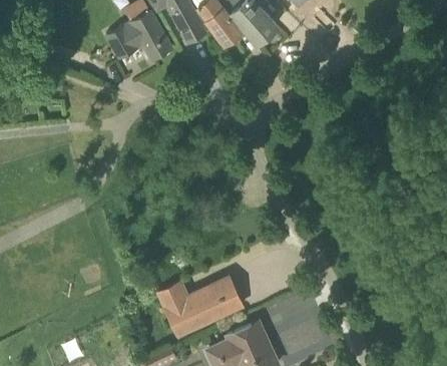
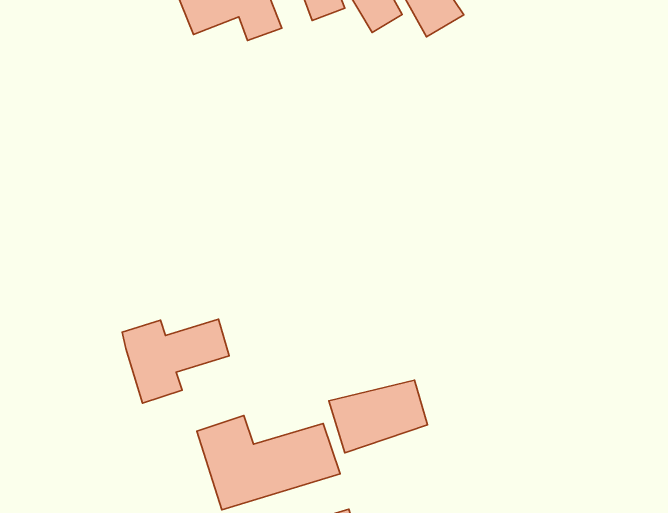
building: none -> [122,319,229,403]
building: none -> [329,380,427,453]

